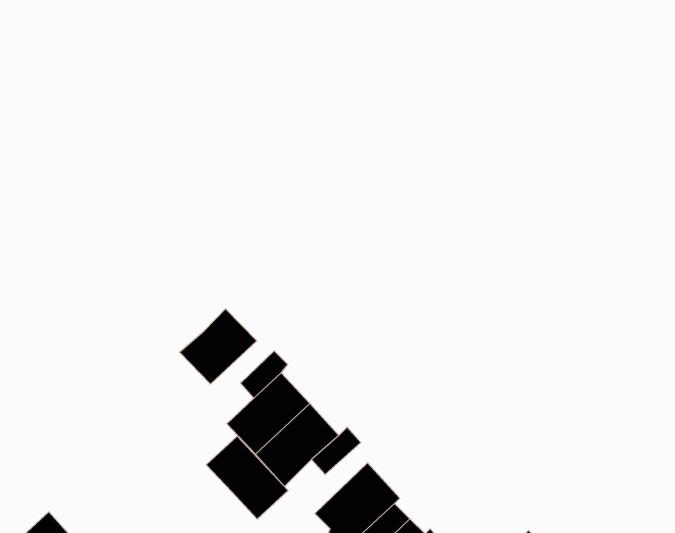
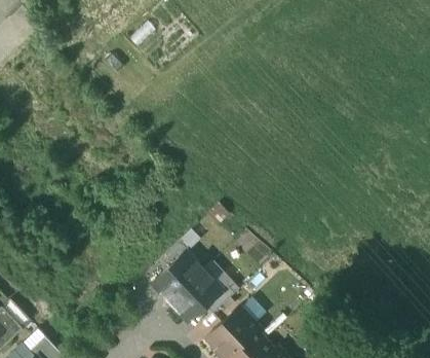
building: [179,309,257,384] -> none
building: [206,436,288,519] -> none

